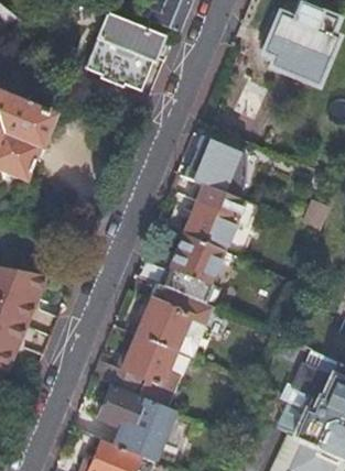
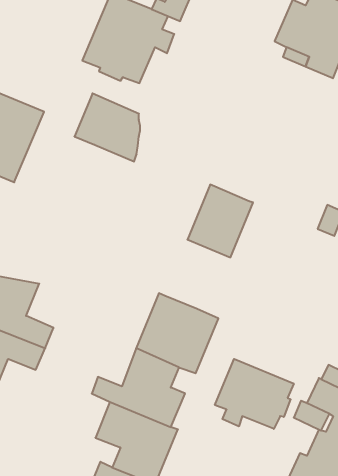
building: [185,136,246,199] -> [74,93,140,162]
building: [162,234,223,298] -> none
building: none -> [215,359,294,429]

